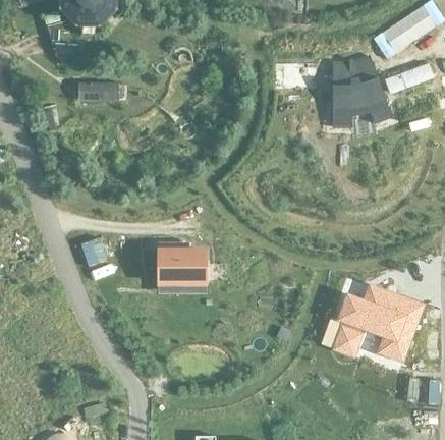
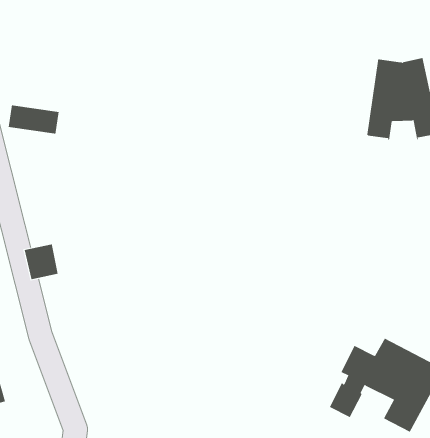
building: [77,82,117,101] -> [8,105,59,134]
building: [158,244,206,283] -> none

